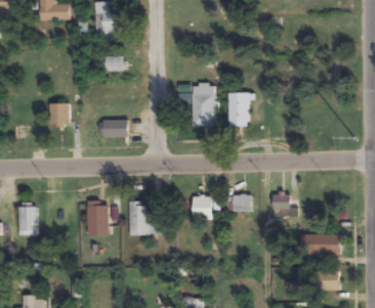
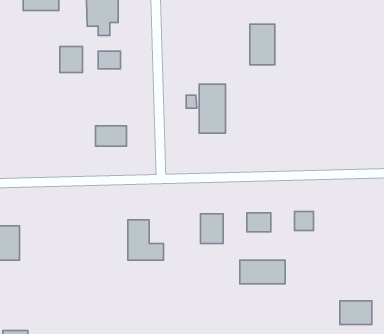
building: [228,91,250,126] -> [250,24,275,65]
building: [49,102,69,125] -> [60,46,82,73]
building: [87,201,109,235] -> none
building: [301,233,340,254] -> [240,260,285,284]

